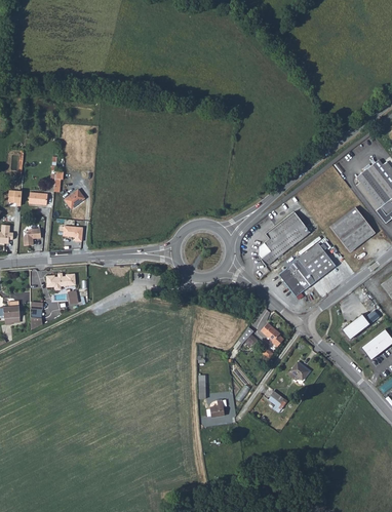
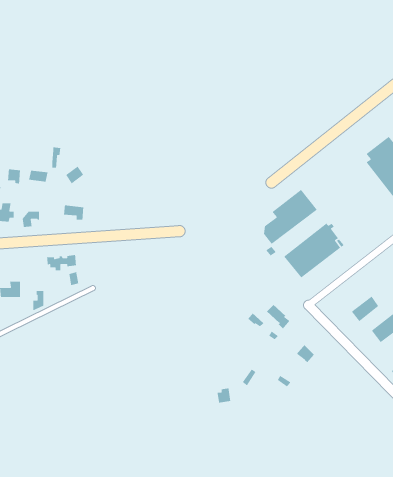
building: [329,206,375,251] -> none

